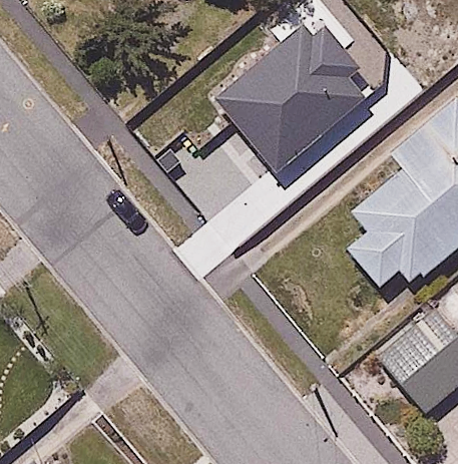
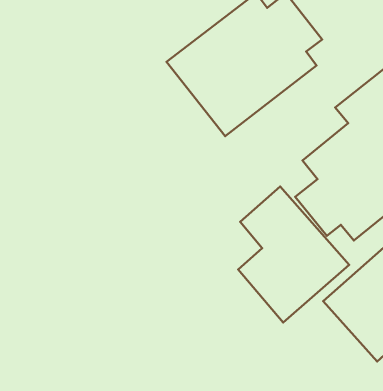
building: none -> [238,186,349,322]

